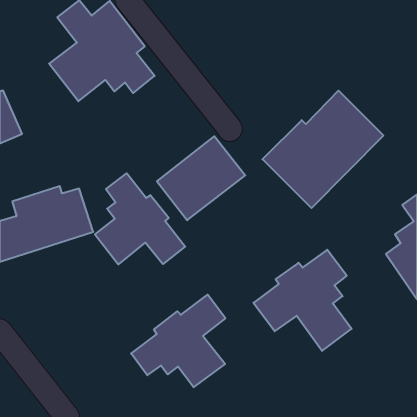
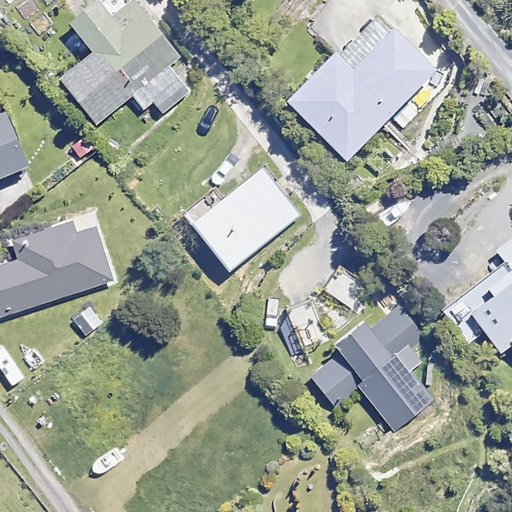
building: [262,91,383,208] -> [286,15,434,159]
building: [95,173,185,264] -> none
building: [131,295,225,387] -> none

